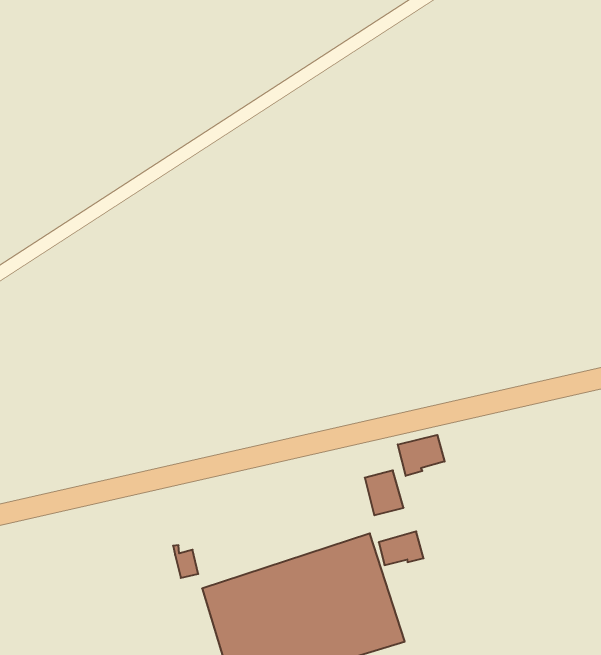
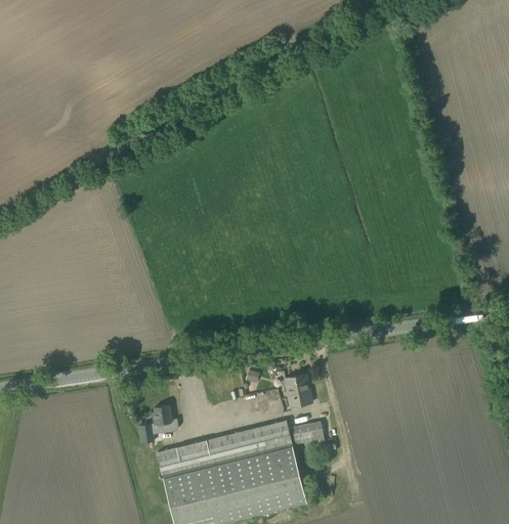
building: [398,435,445,476] -> none
building: none -> [153,404,179,433]

